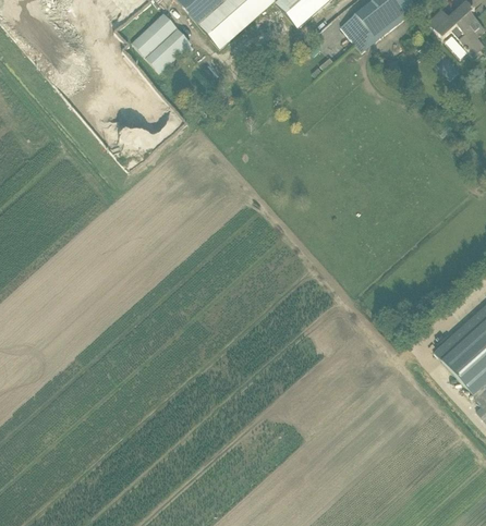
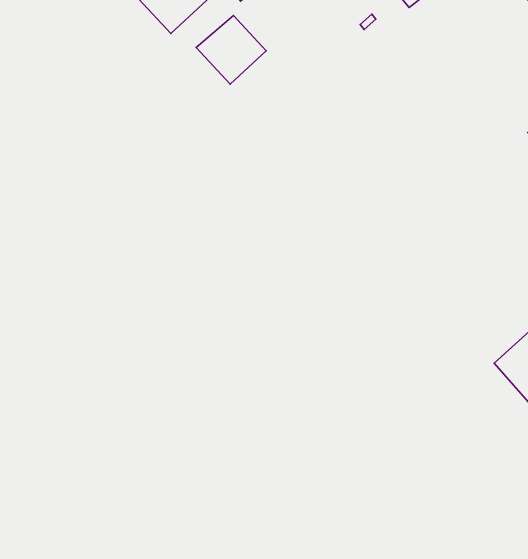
building: none -> [196,16,266,84]

